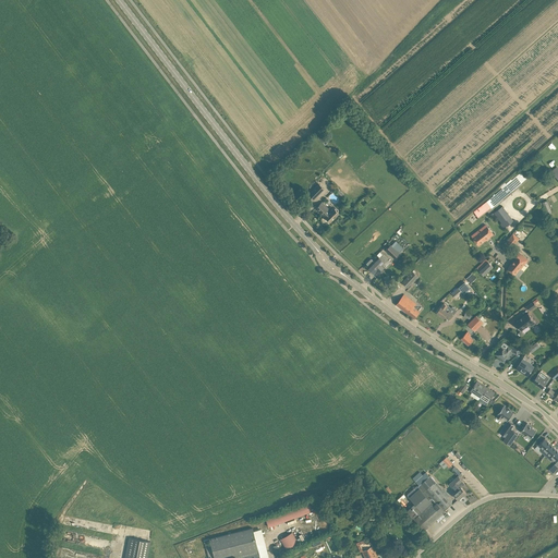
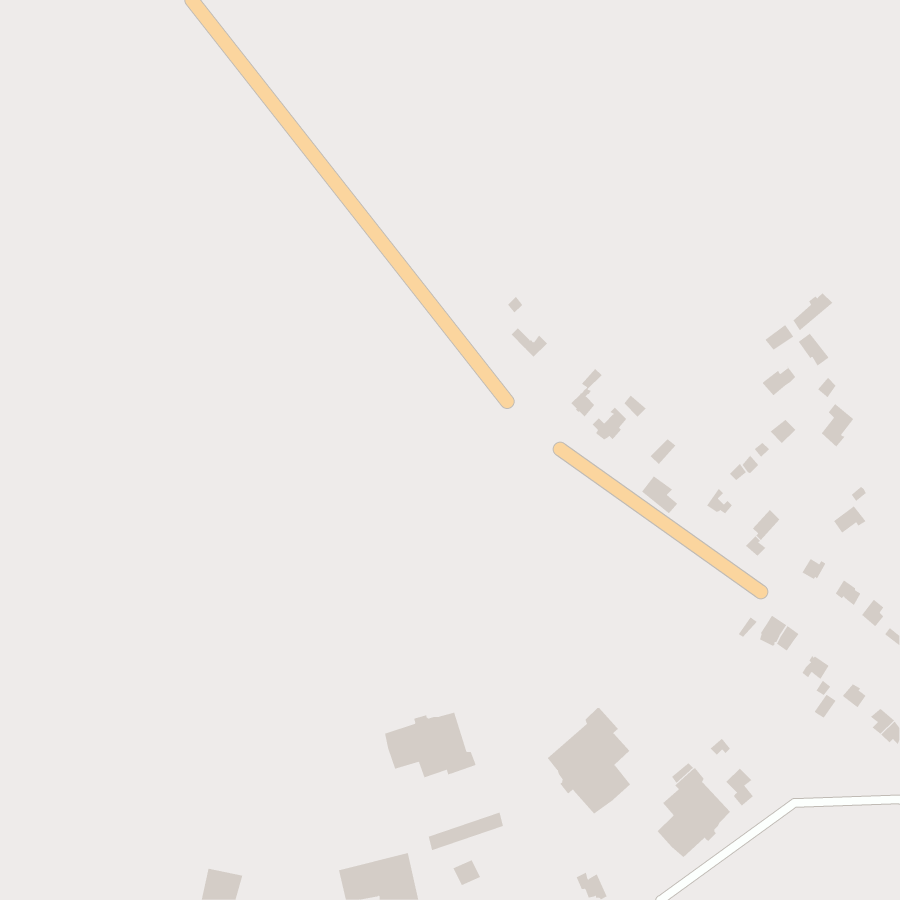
building: none -> [547,707,631,814]
building: none -> [385,712,476,778]

